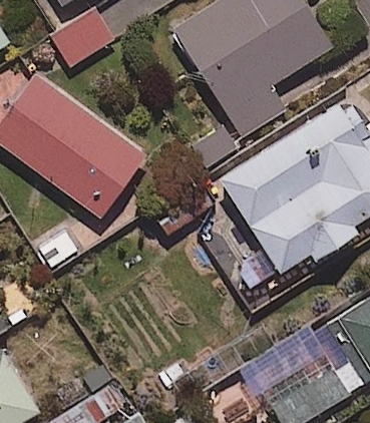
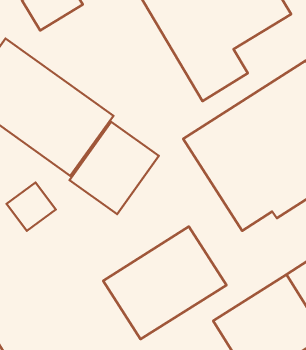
building: none -> [69,122,159,214]
building: none -> [103,226,226,339]

